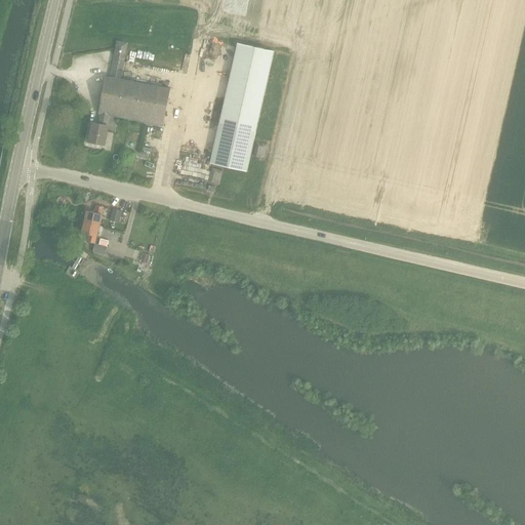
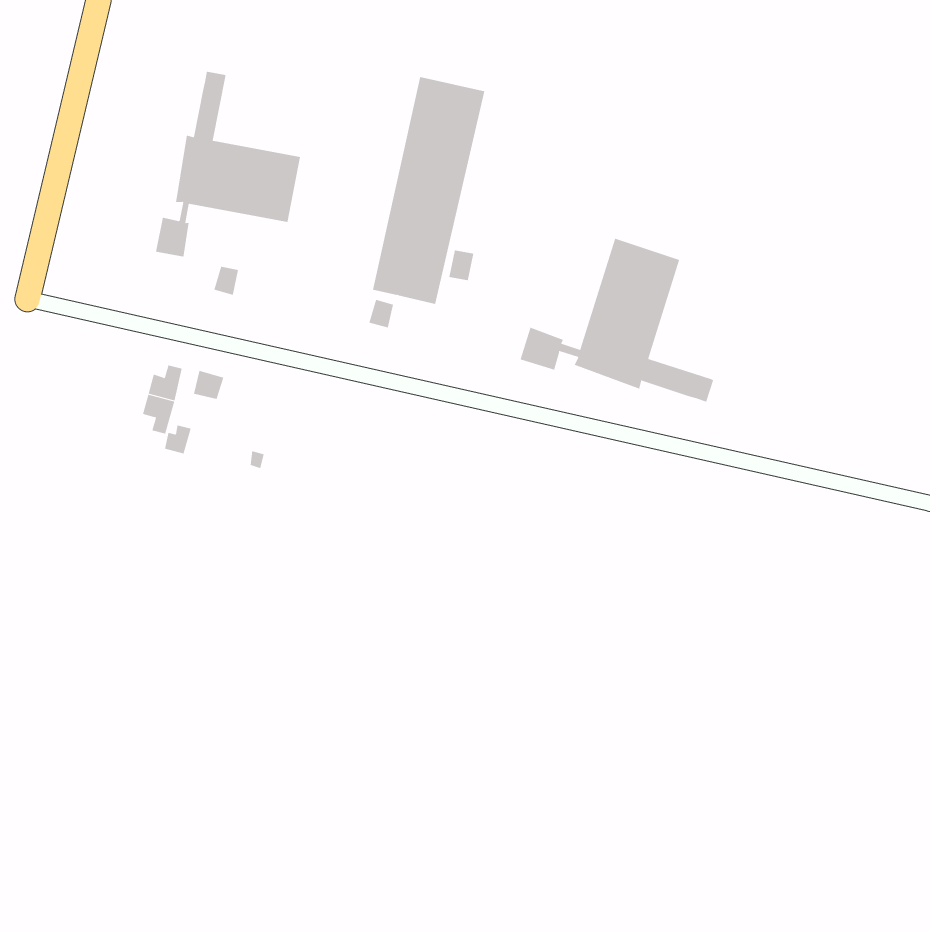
building: none -> [520,238,714,403]

